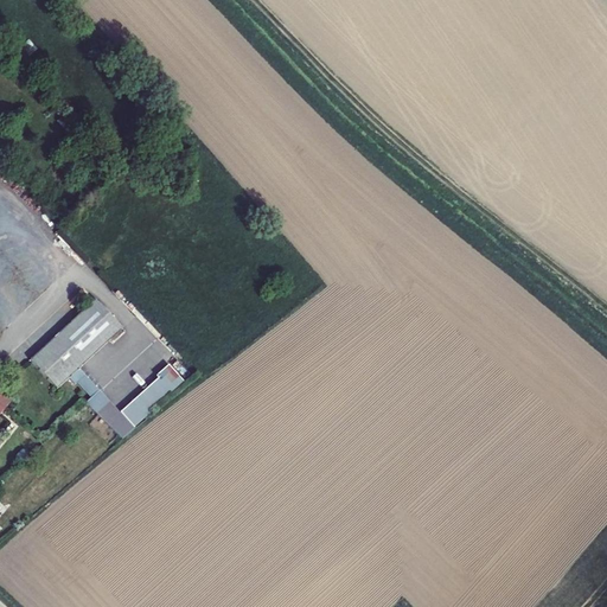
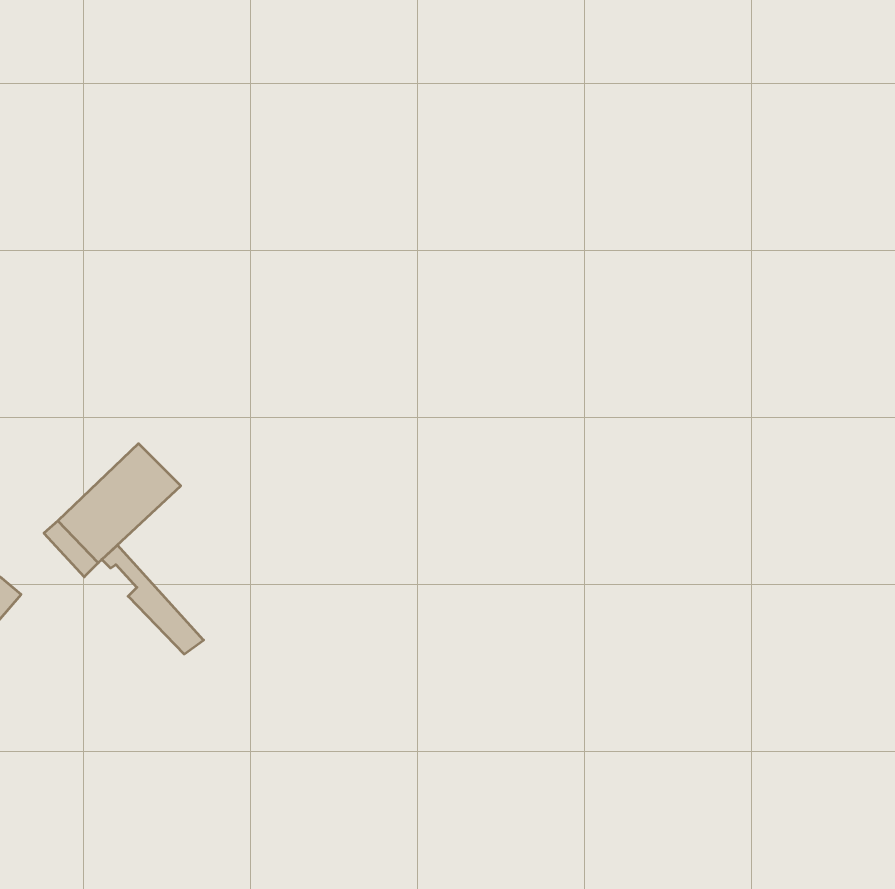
building: [117,360,183,422] -> none

